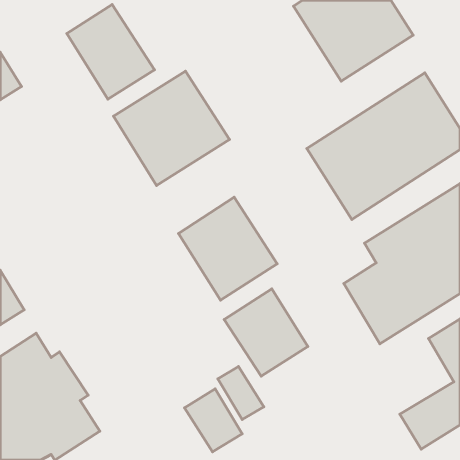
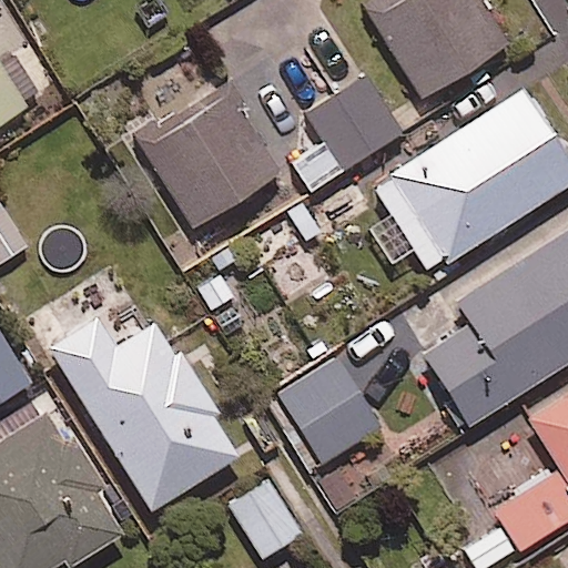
building: [67,4,154,99] -> none
building: none -> [307,75,402,169]
building: [178,197,277,300] -> none
building: none -> [48,320,239,511]

